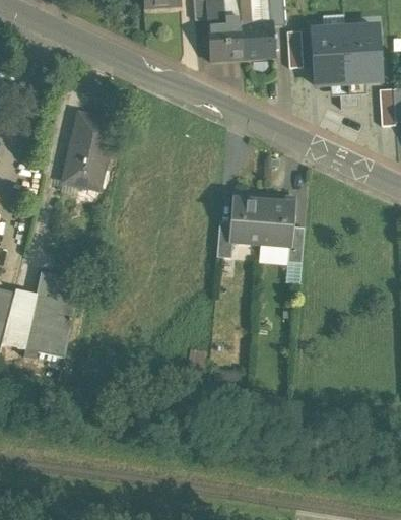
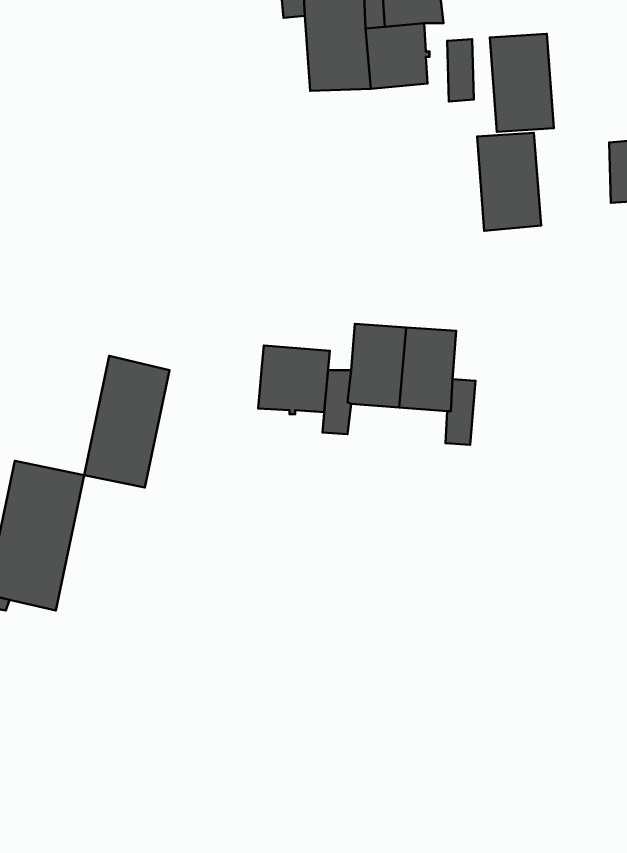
building: [344,26,381,82] -> [477,133,541,231]
building: [64,113,113,188] -> [84,356,170,488]
building: none -> [258,345,330,414]

